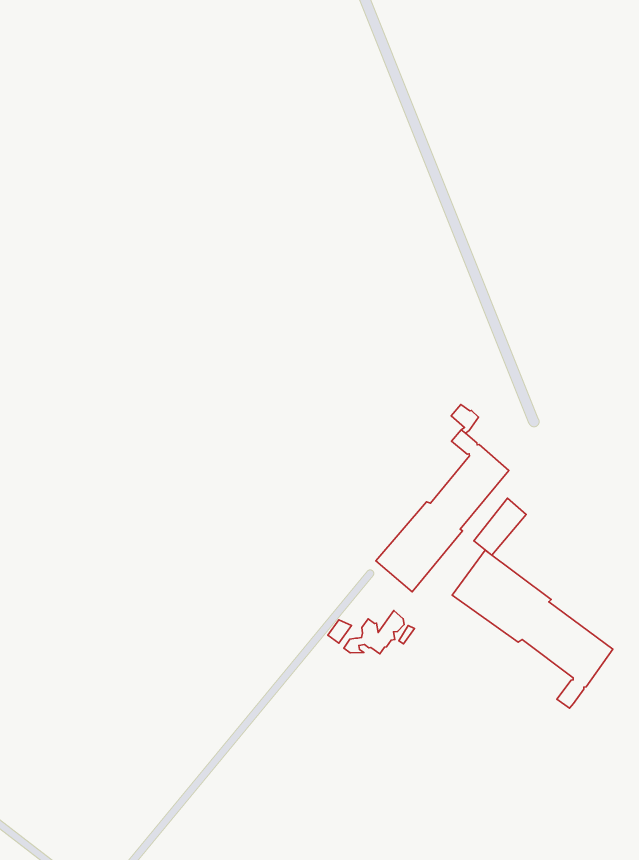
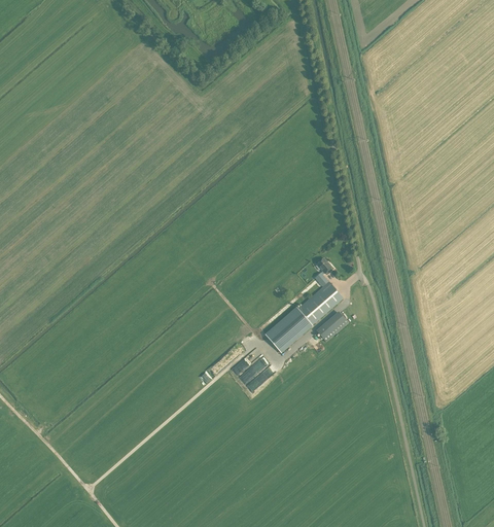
building: [452,550,613,708] -> none

